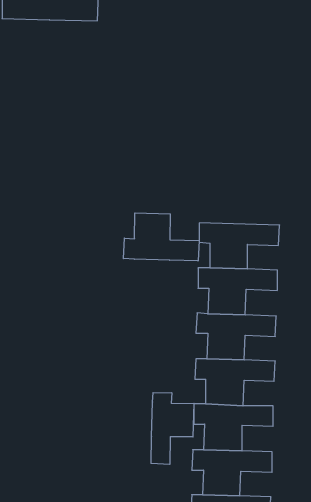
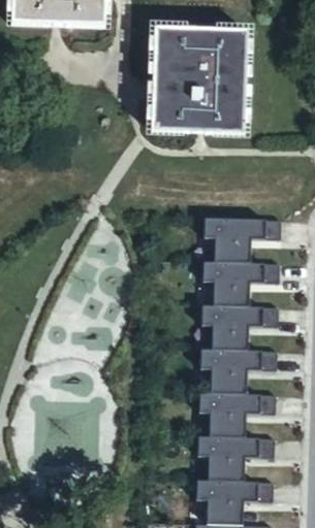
building: none -> [159,23,253,127]
building: [123,213,199,261] -> none
building: [151,393,194,464] -> none

